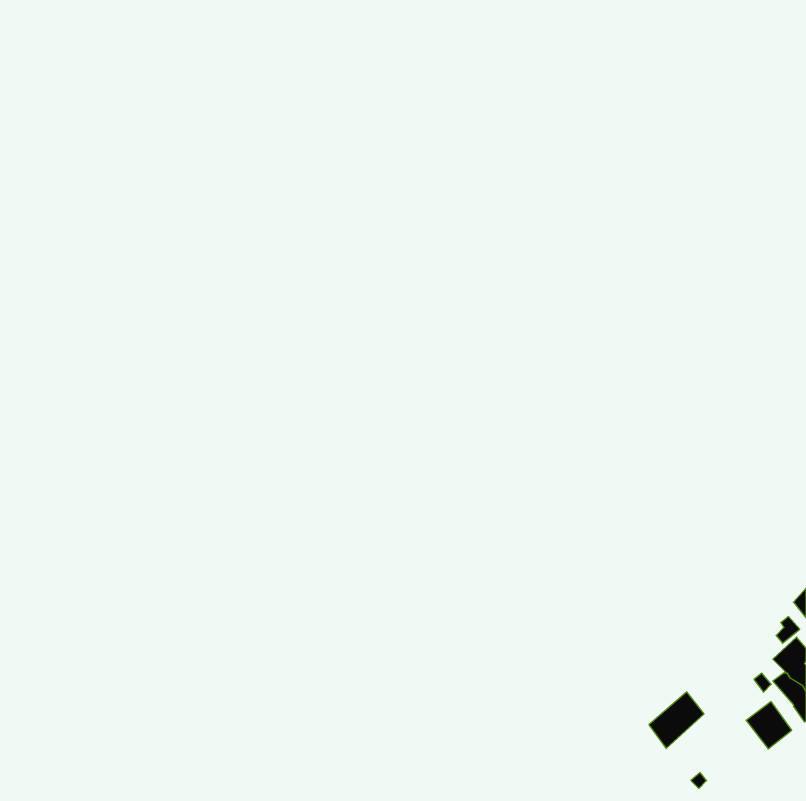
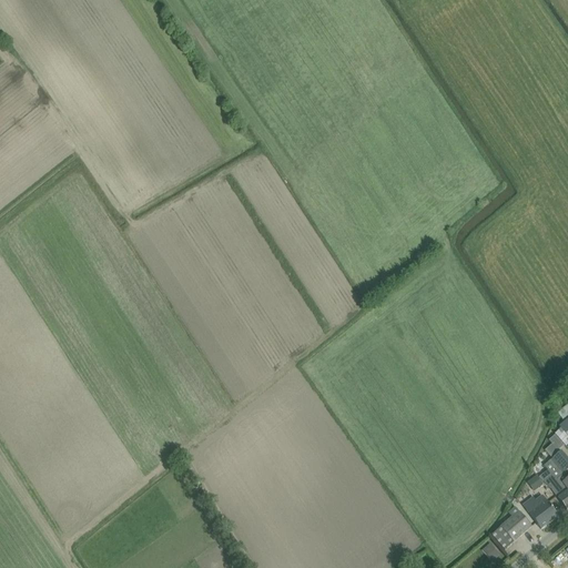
building: [649,692,704,749] -> [493,508,531,548]

